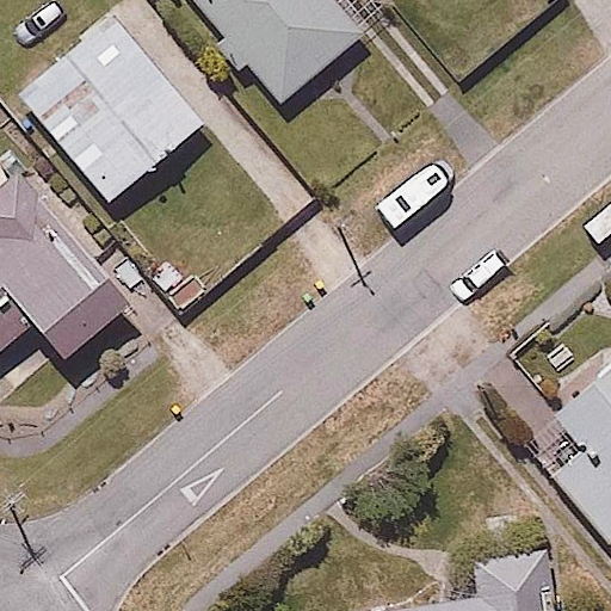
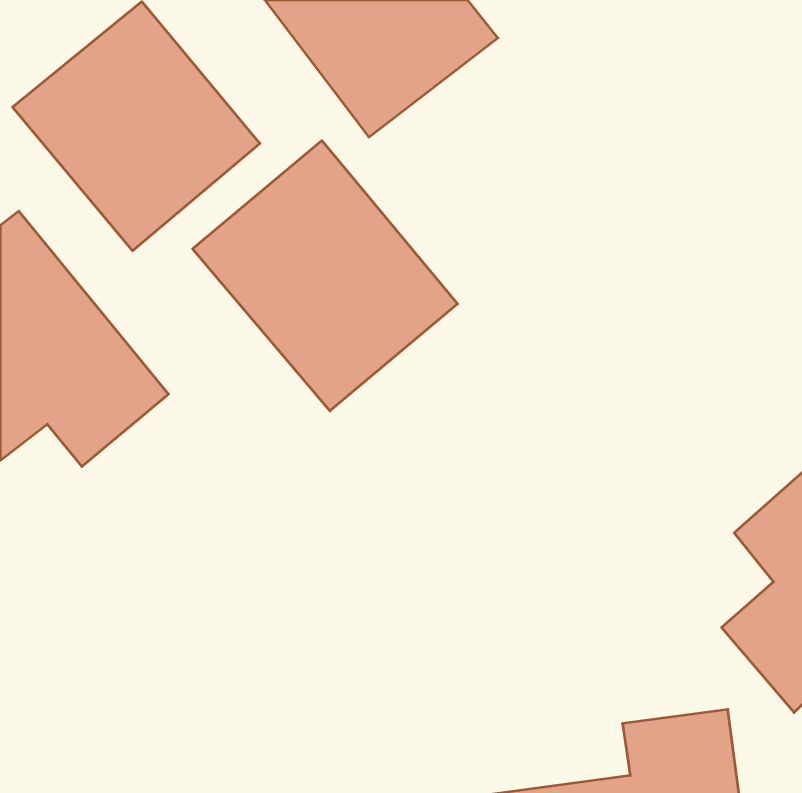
building: none -> [193,141,458,411]

